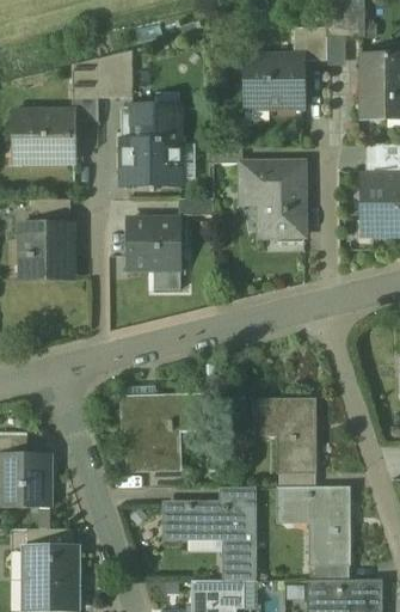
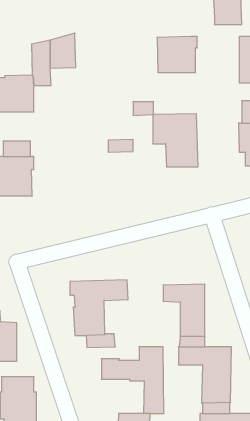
building: [294,29,327,62] -> none
building: [122,108,181,185] -> none
building: [128,220,180,269] -> none

